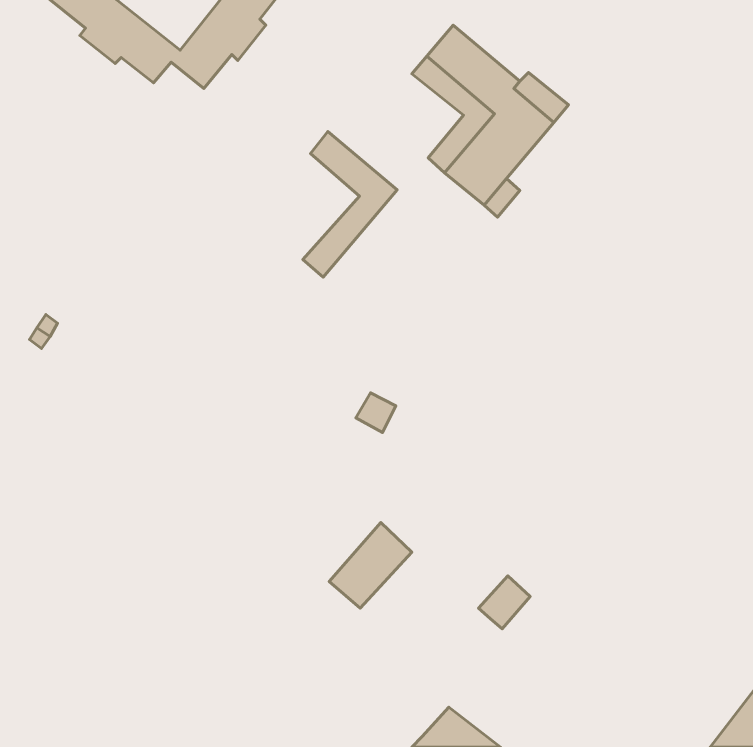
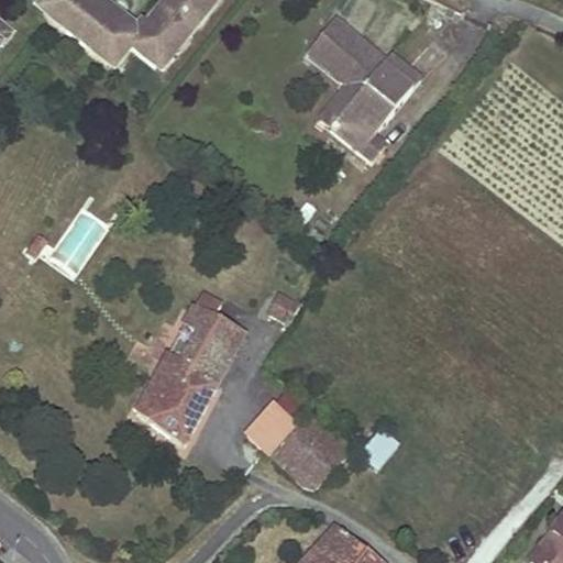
building: [303,131,397,277] -> none
building: none -> [134,292,242,446]
building: none -> [269,411,351,488]

